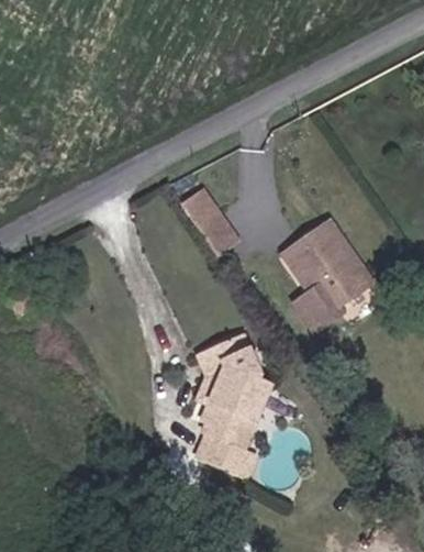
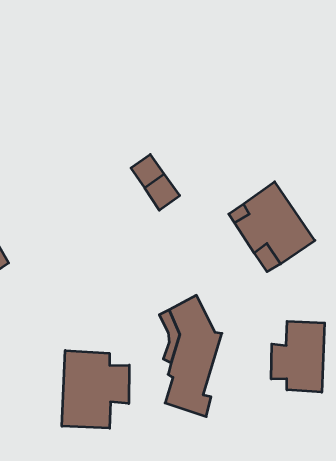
building: none -> [271,321,325,392]
building: none -> [62,350,129,428]

